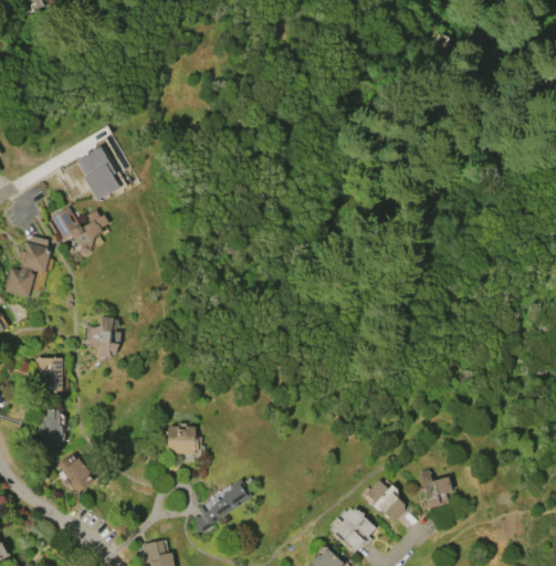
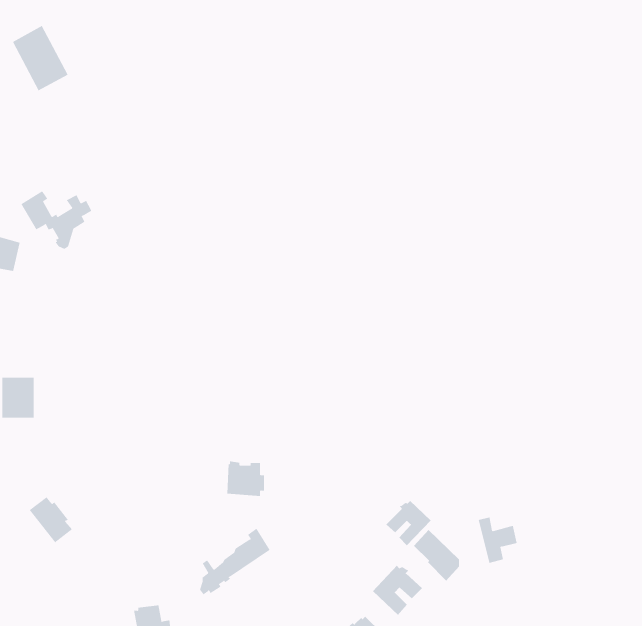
building: [76,147,122,200] -> [12,25,68,91]
building: [85,316,119,357] -> none
building: [43,409,63,447] -> none
building: [167,426,198,454] -> [227,461,265,497]
building: none -> [385,500,432,546]

